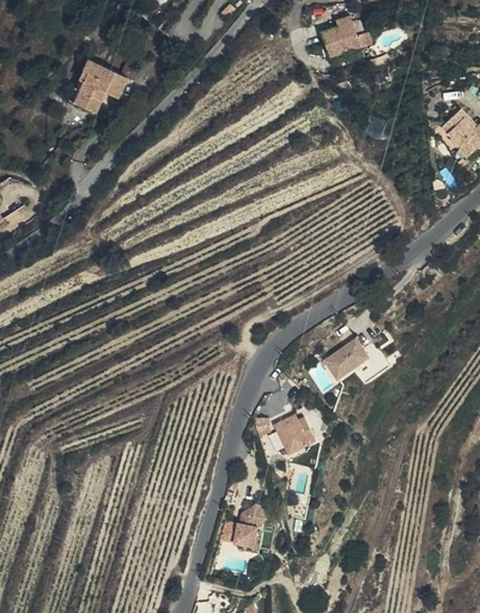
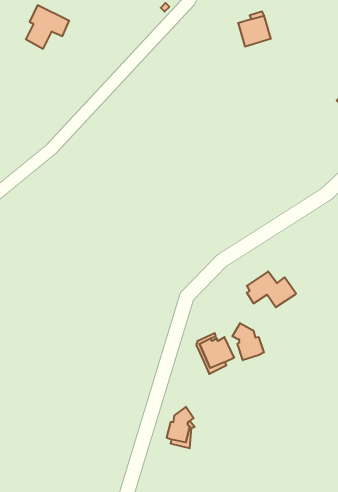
building: [74,57,128,111] -> [26,5,69,49]
building: none -> [232,323,264,360]

